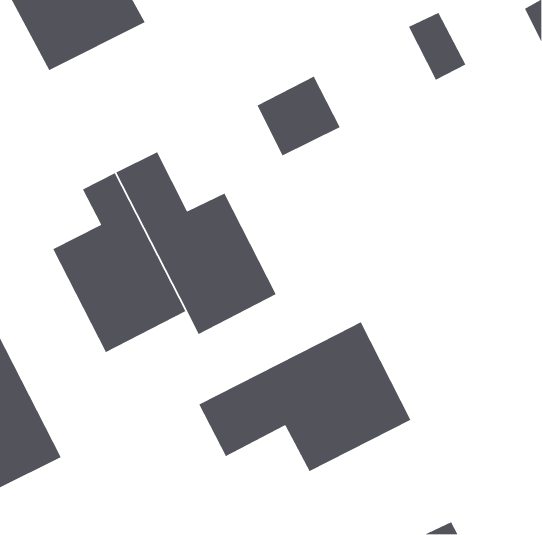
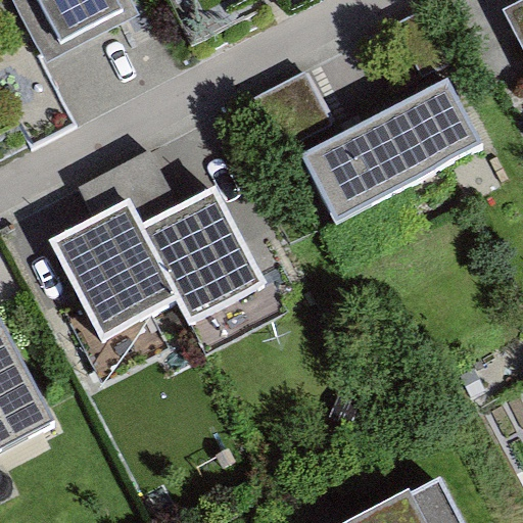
building: none -> [300,78,482,222]
building: [198,321,411,472] -> none

